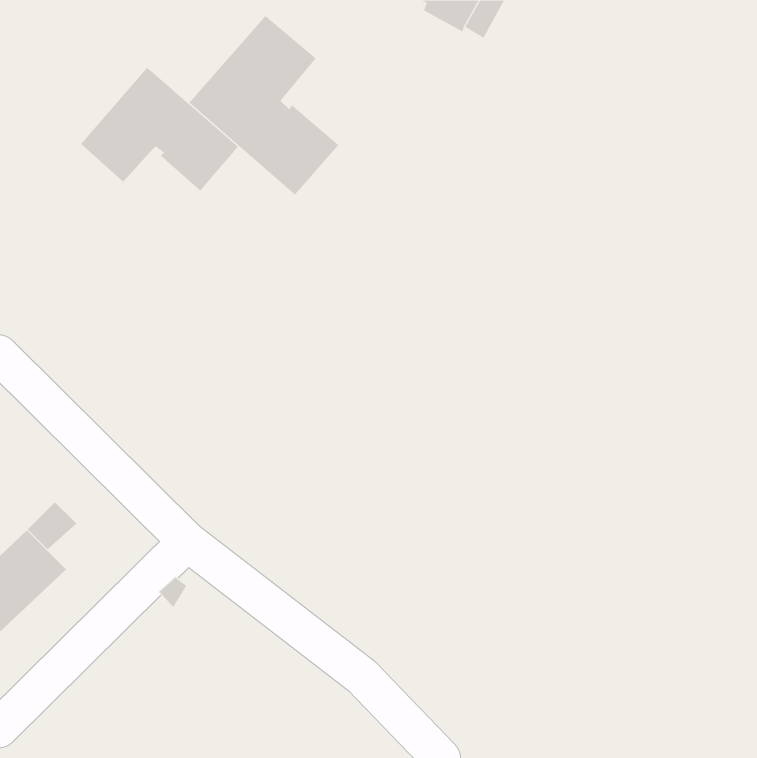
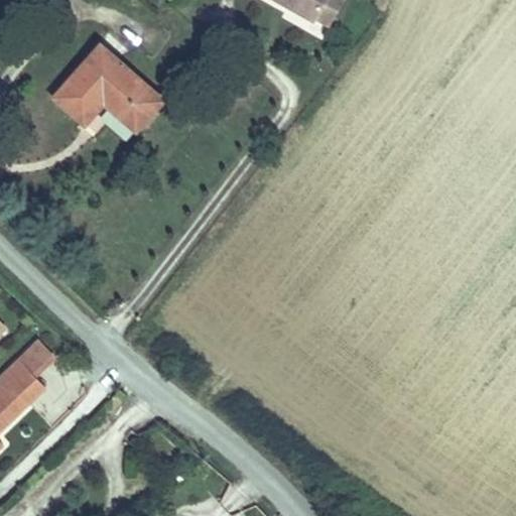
building: [188,15,339,195] -> none

